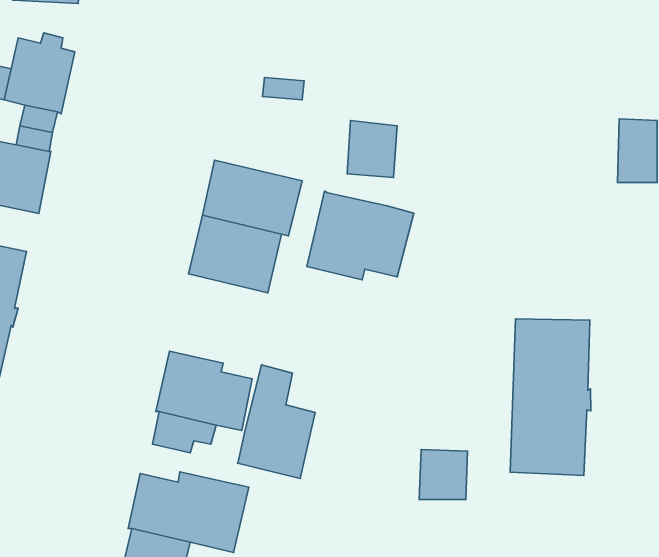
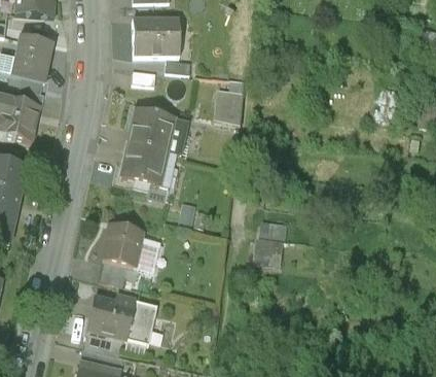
building: none -> [134,18,179,56]
building: [307,191,414,280] -> none
building: [510,319,591,476] -> none
building: [237,365,315,478] -> none
building: [419,450,468,500] -> [256,231,285,261]

